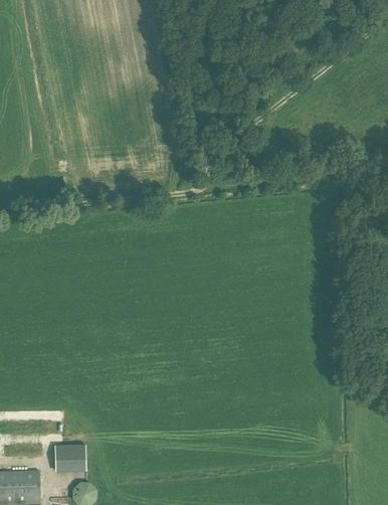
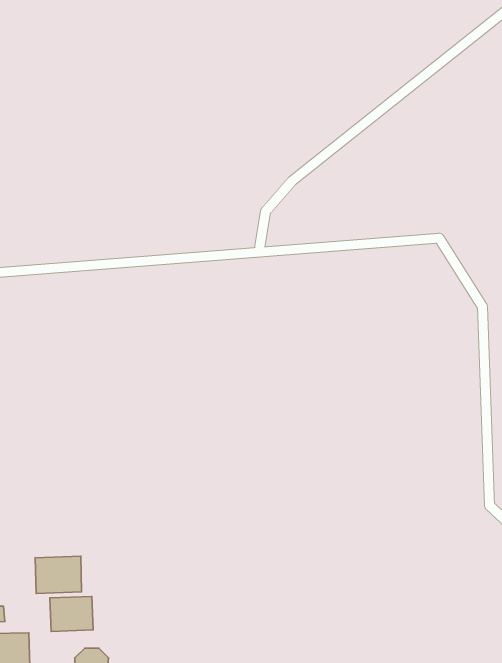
building: none -> [35,556,82,593]

